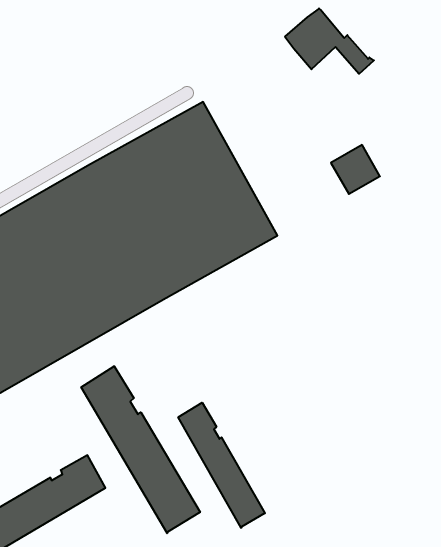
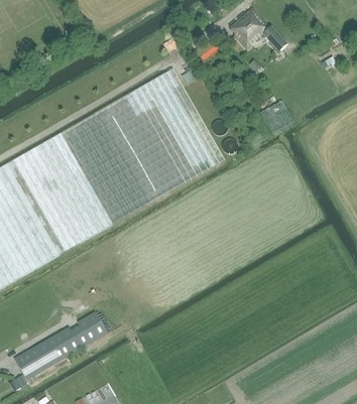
building: [81,366,200,533] -> none
building: [178,403,265,528] -> none

